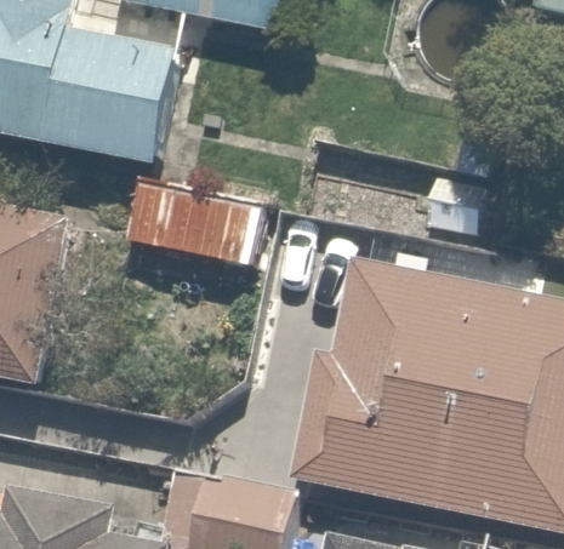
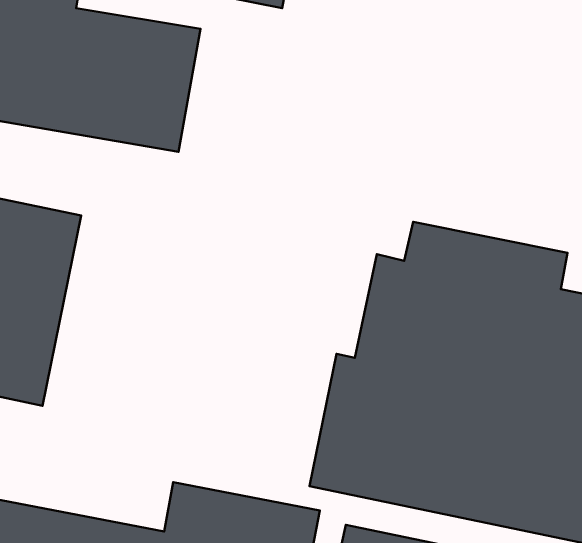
building: [116,172,266,269] -> none

